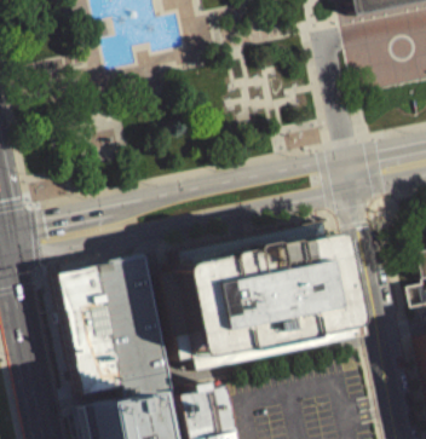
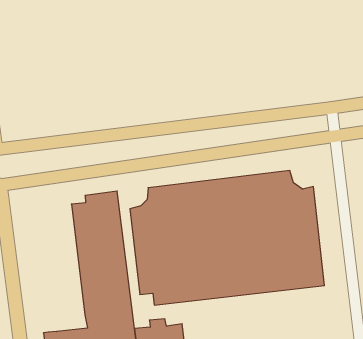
building: [54,267,121,397] -> none

